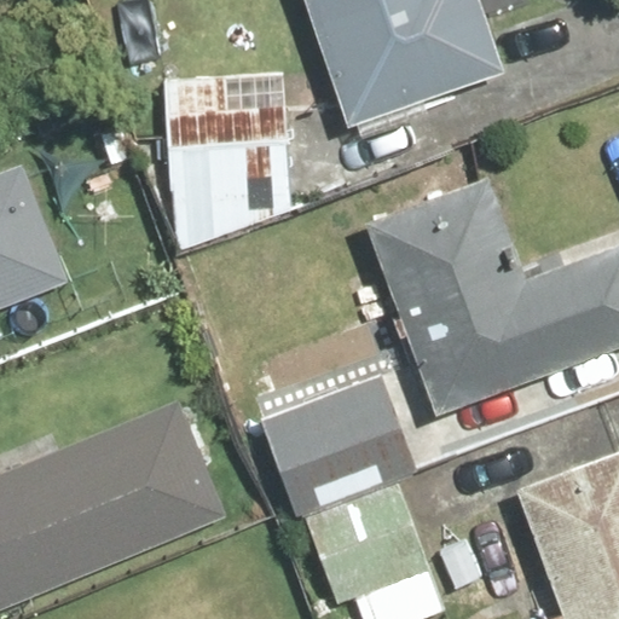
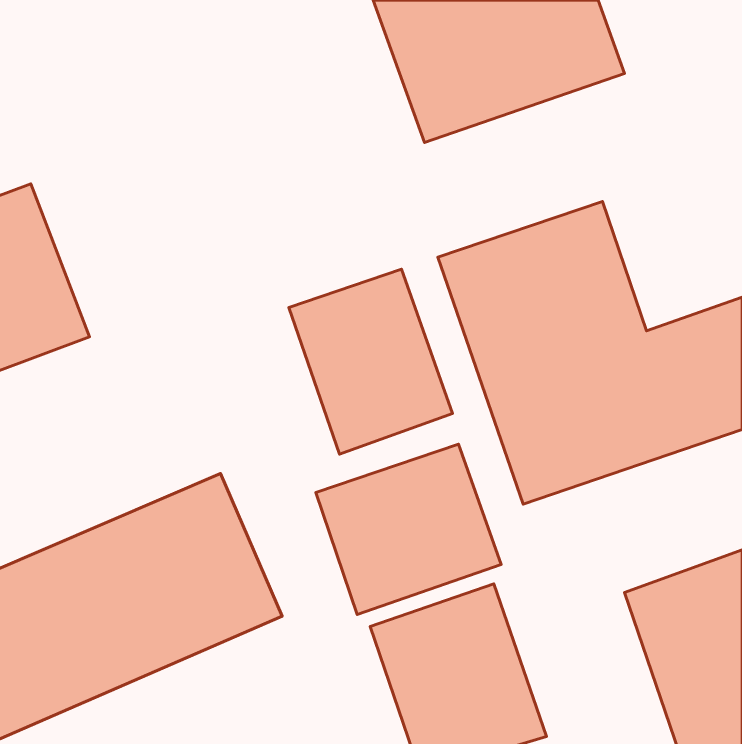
building: [166,71,303,253] -> none
building: none -> [289,269,453,454]

